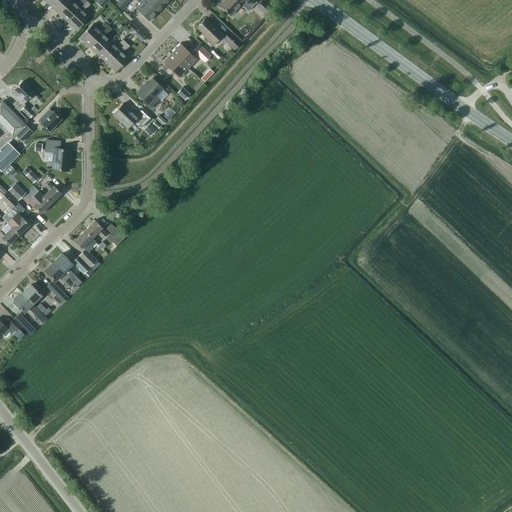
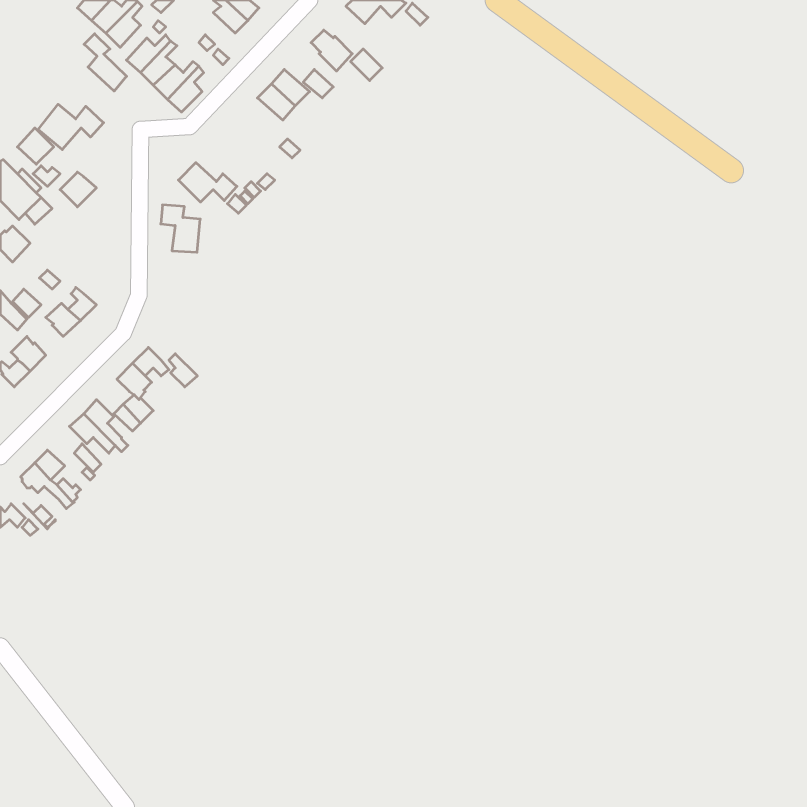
building: none -> [84,34,127,91]
building: none -> [38,104,104,150]
building: [136,78,163,109] -> none
building: [45,140,70,170] -> [161,205,200,252]

